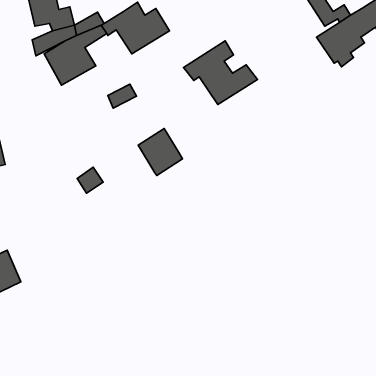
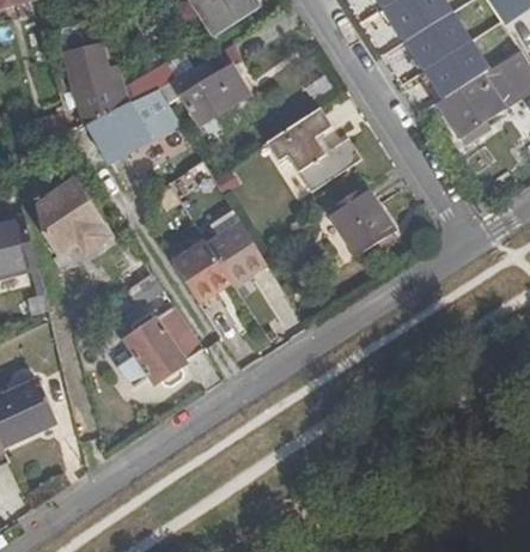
building: none -> [35,182,112,257]
building: none -> [328,186,394,255]
building: none -> [170,239,229,299]
building: none -> [115,305,203,389]

